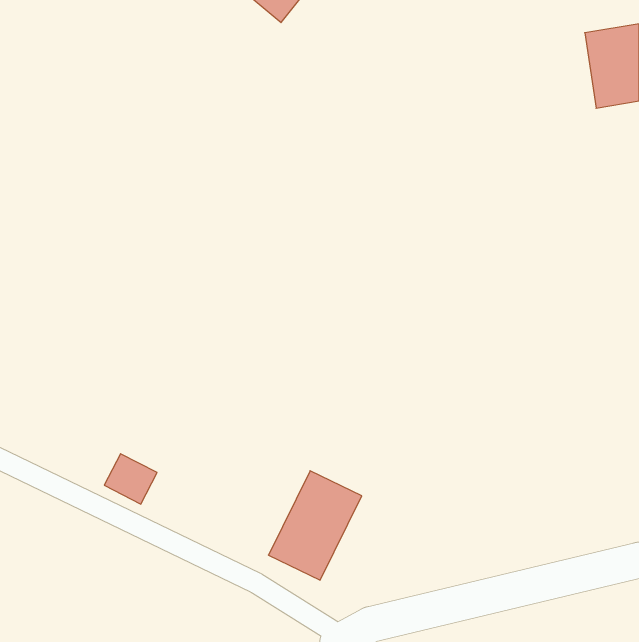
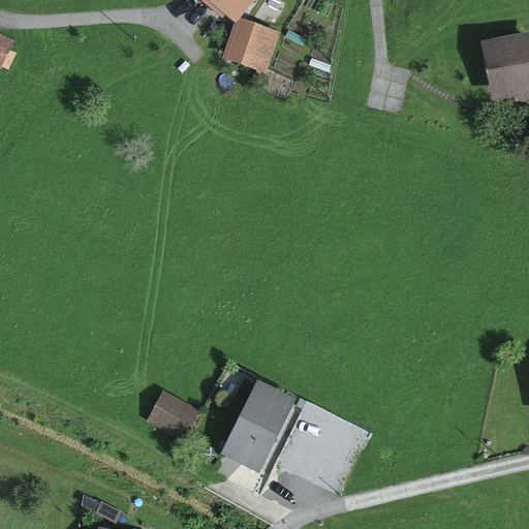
building: none -> [241,24,277,66]
building: [104,454,157,504] -> [149,395,192,436]

